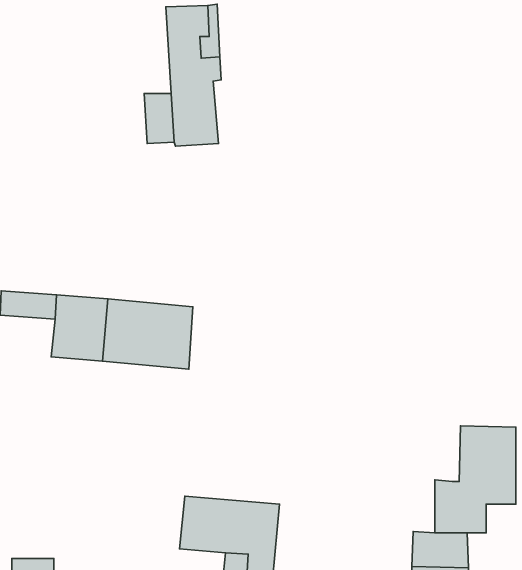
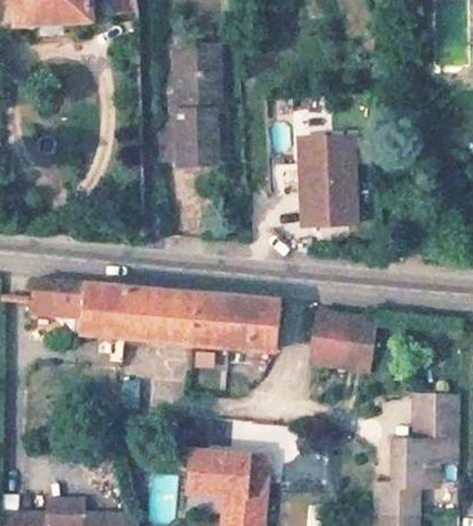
building: none -> [296,138,354,226]
building: none -> [192,294,278,352]
building: none -> [313,313,373,368]

